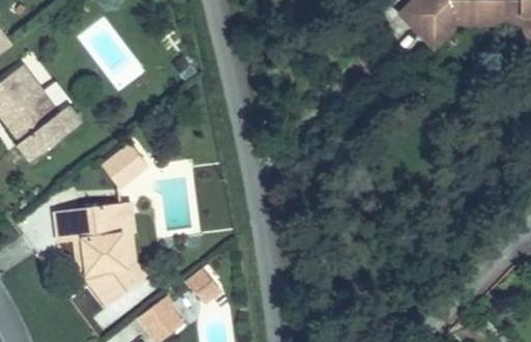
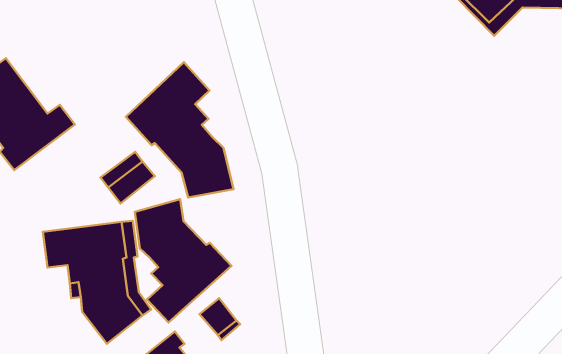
building: none -> [126,62,234,198]
building: none -> [135,199,232,322]

